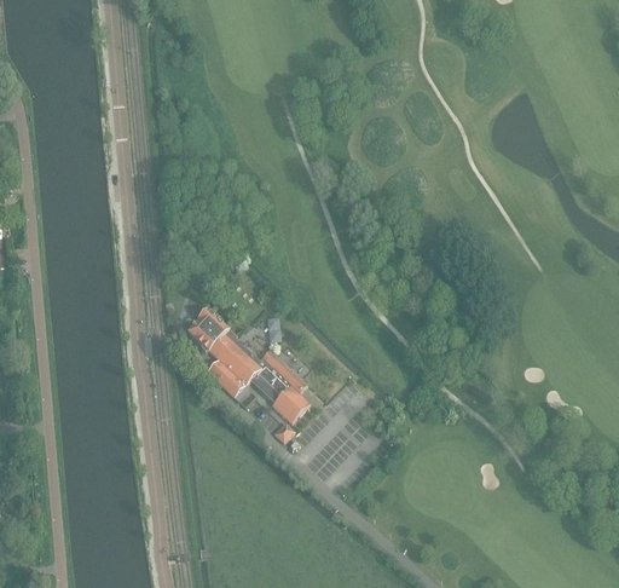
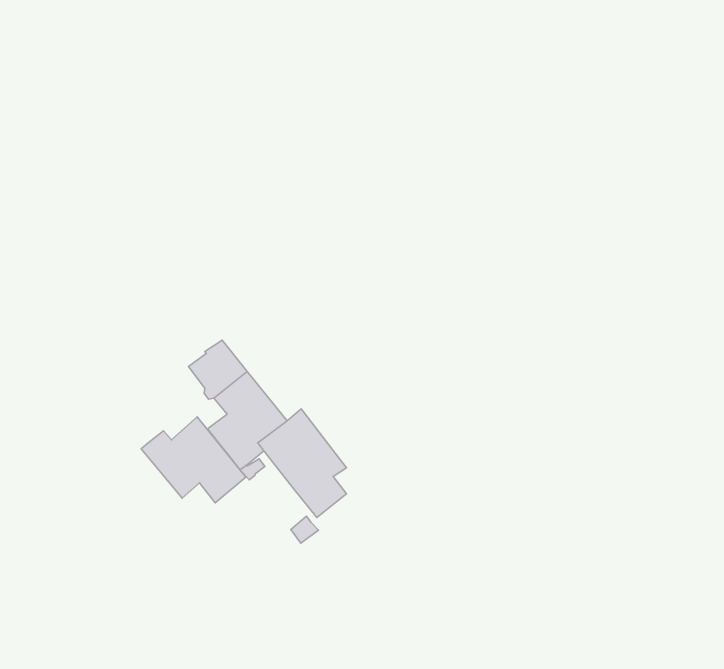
building: none -> [141,417,246,503]

